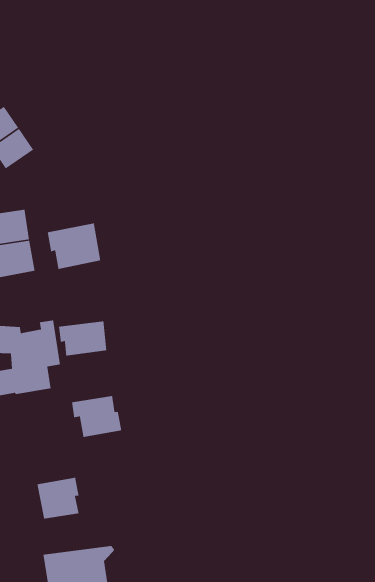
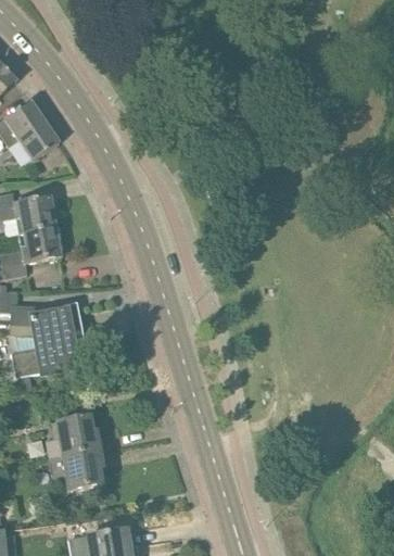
building: [47,223,101,270] -> none
building: [58,320,107,357] -> none
building: [71,395,122,438] -> [51,416,99,456]

